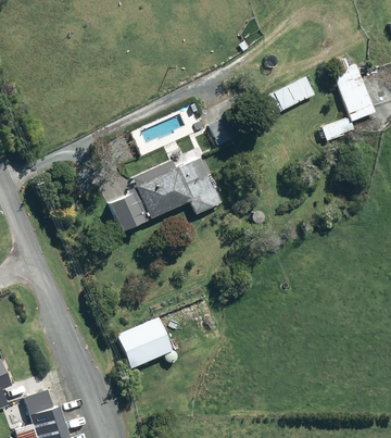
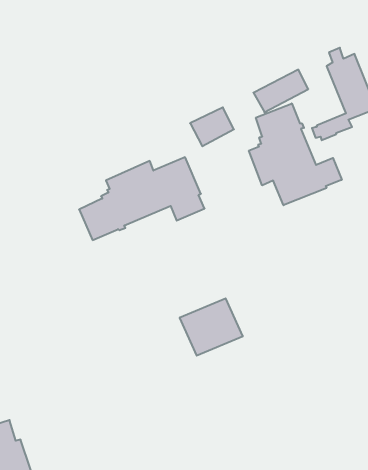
building: none -> [249,103,342,205]
building: [116,317,173,368] -> [180,298,243,356]

